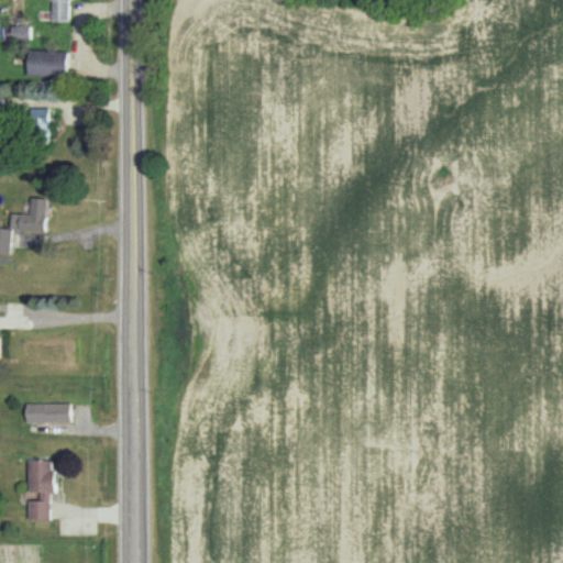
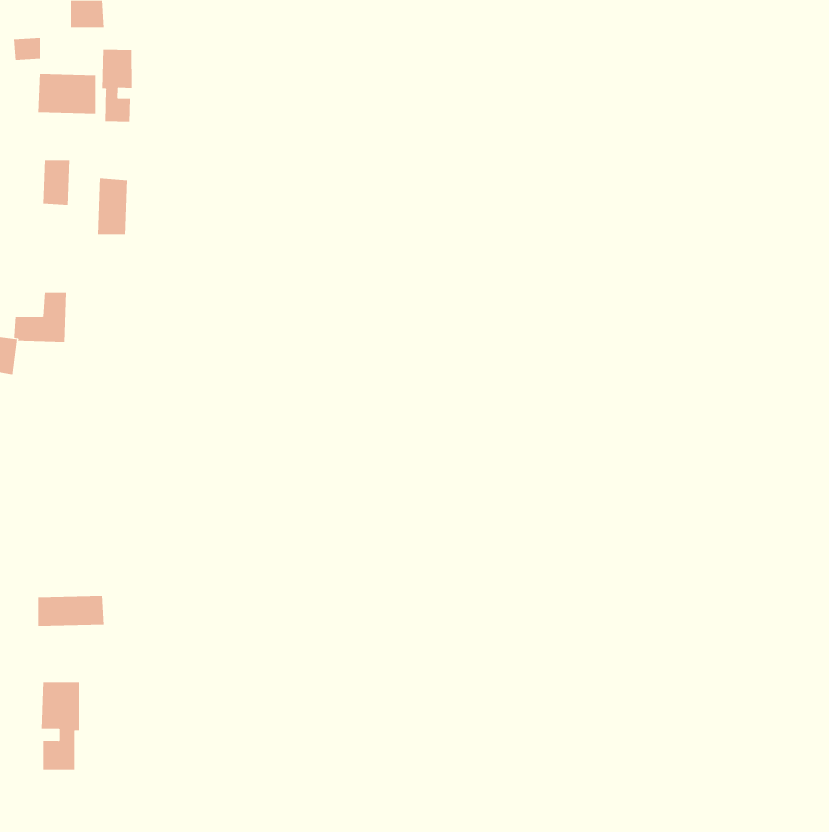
building: none -> [102,49,132,122]
building: none -> [98,178,128,235]

